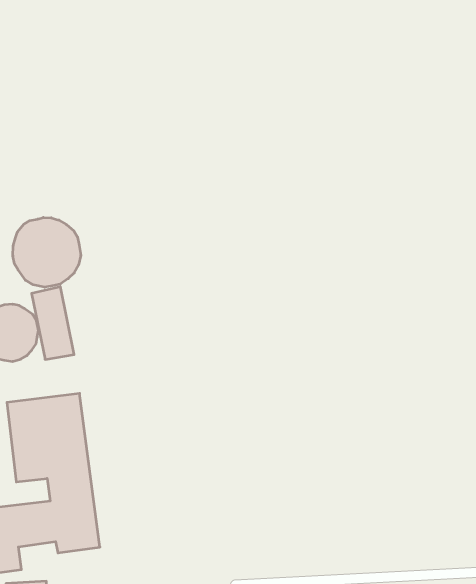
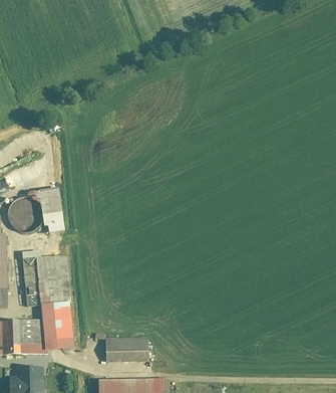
building: [13,217,81,287] -> none
building: none -> [108,338,149,361]

